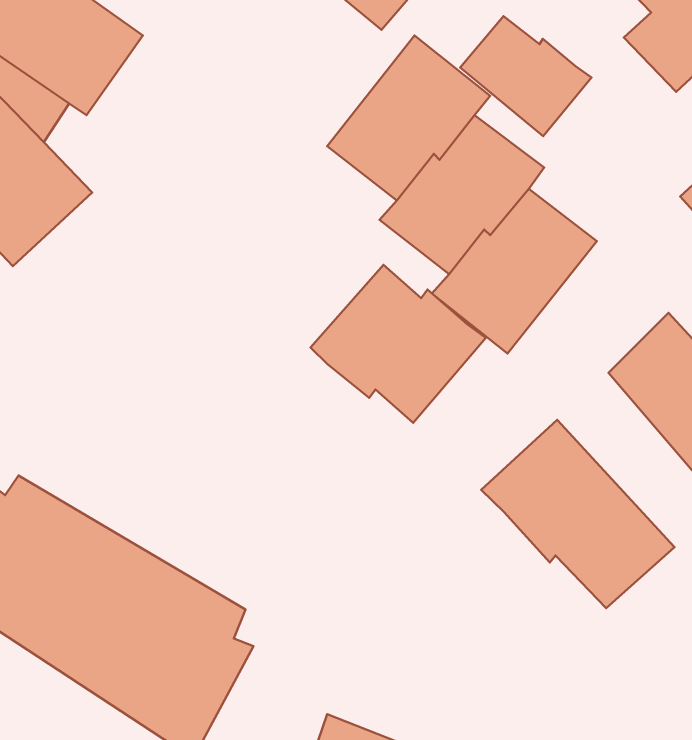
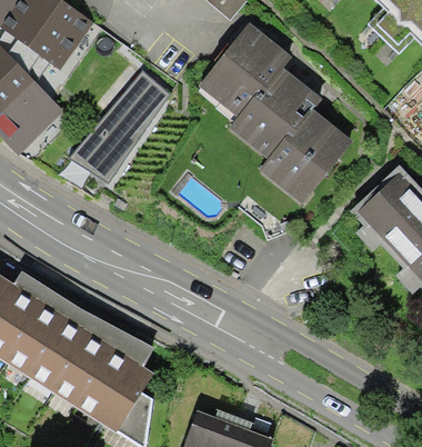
building: [460,16,591,136] -> none
building: none -> [68,70,170,182]
building: [311,265,486,423] -> none
building: [481,420,675,608] -> none

